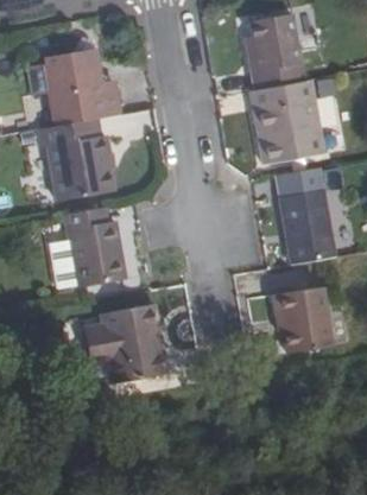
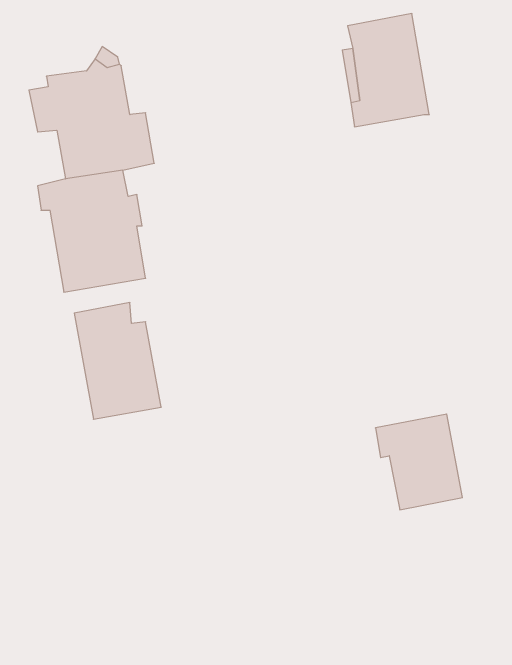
building: [253,80,318,163] -> none
building: [280,186,336,262] -> none
building: [86,304,167,381] -> none

